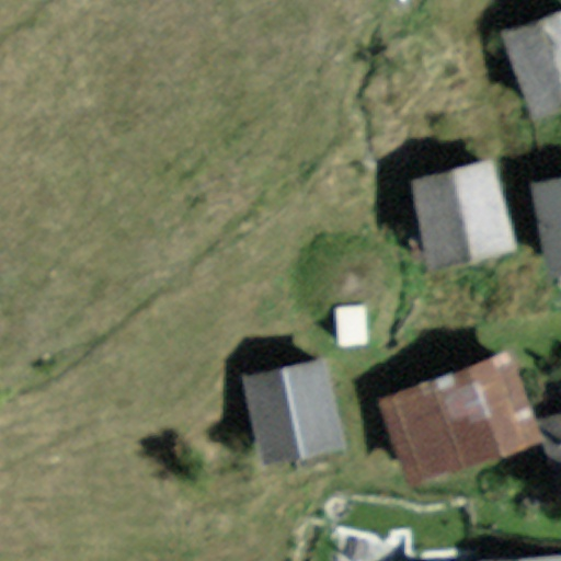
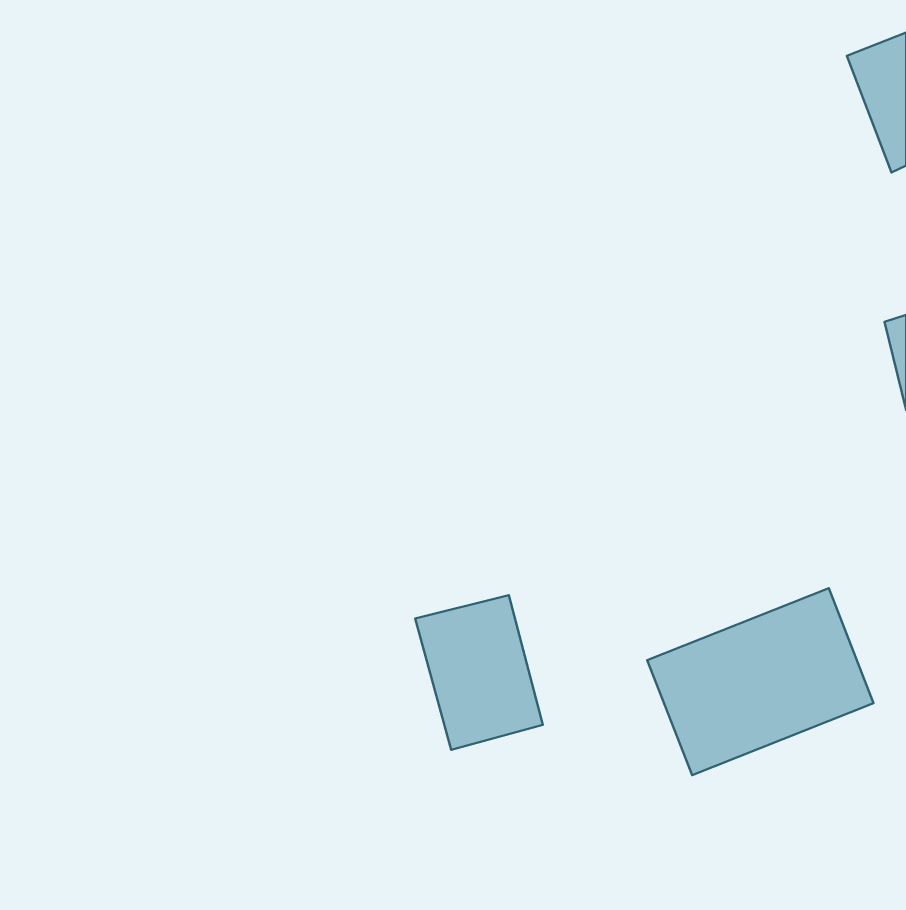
building: [425,170,504,262] -> none

